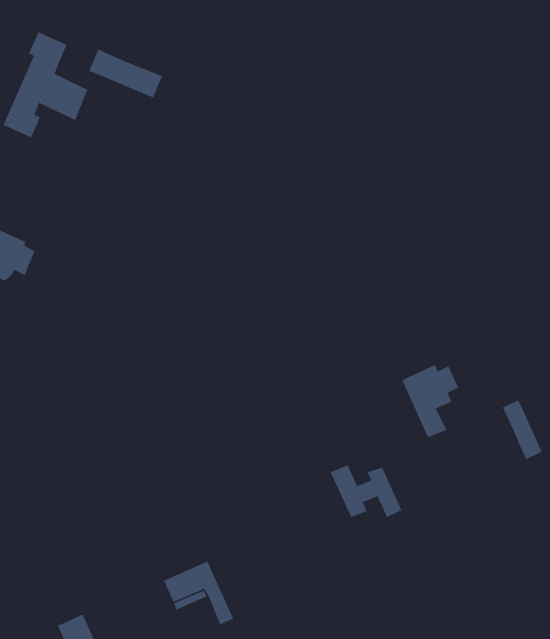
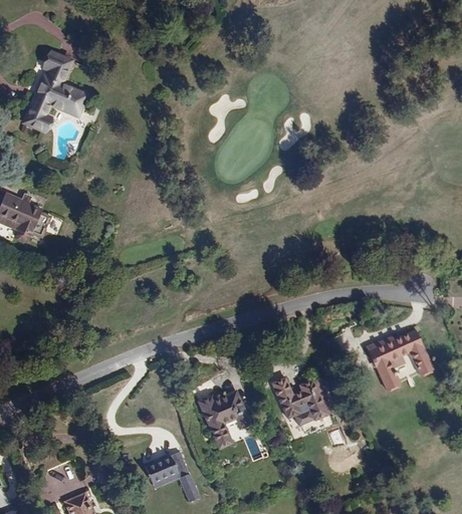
building: [88,49,163,98] -> none
building: [401,364,459,438] -> [366,333,410,390]
building: none -> [198,391,249,449]

